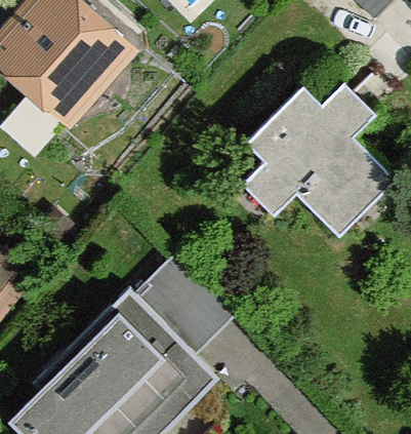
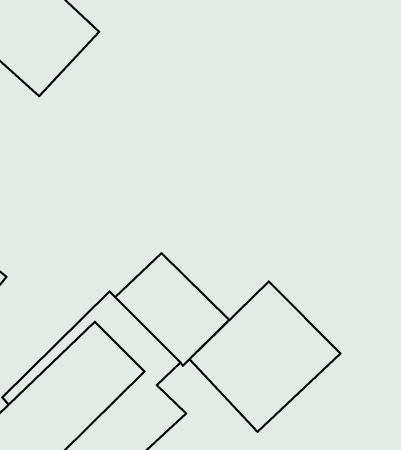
building: [245,87,384,226] -> none
building: none -> [190,281,340,432]

